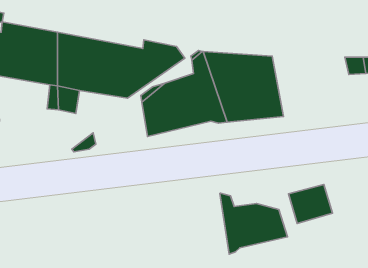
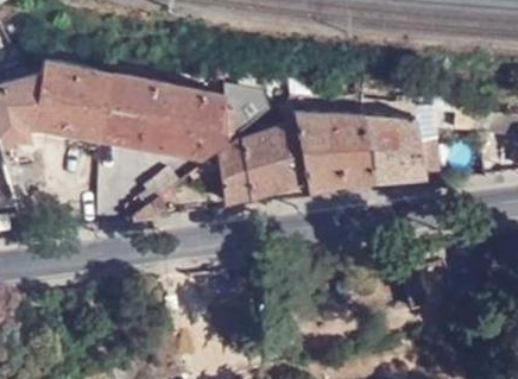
building: none -> [380,107,440,182]
building: [220,193,287,254] -> none

